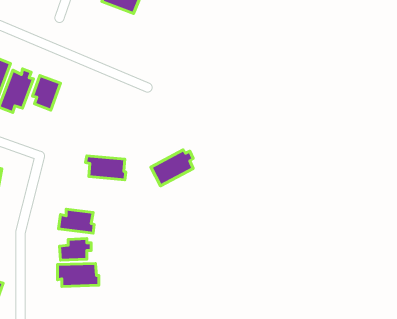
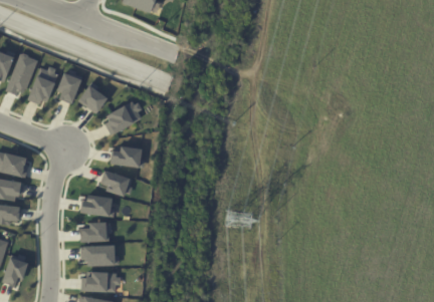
building: none -> [78,84,110,114]
building: [151,150,193,186] -> [101,101,141,134]
building: none -> [101,171,133,197]
building: none -> [81,272,121,292]

